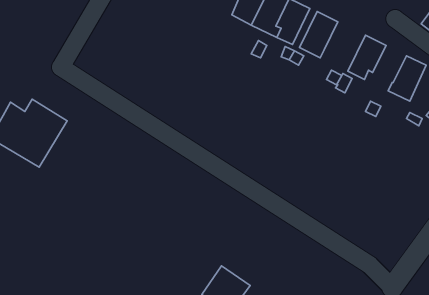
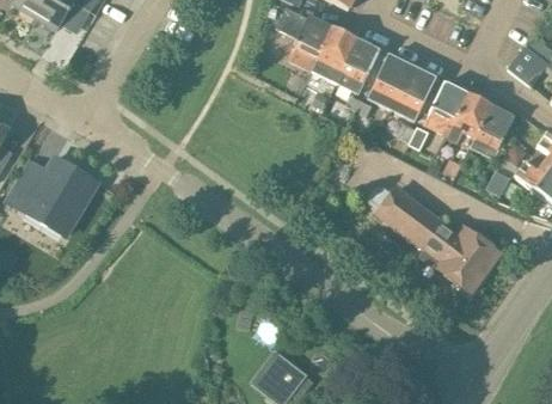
building: none -> [391,66,435,120]
building: none -> [442,93,491,137]
building: none -> [375,188,501,293]

